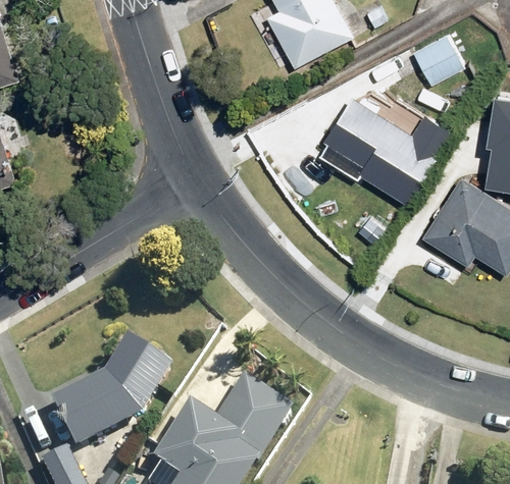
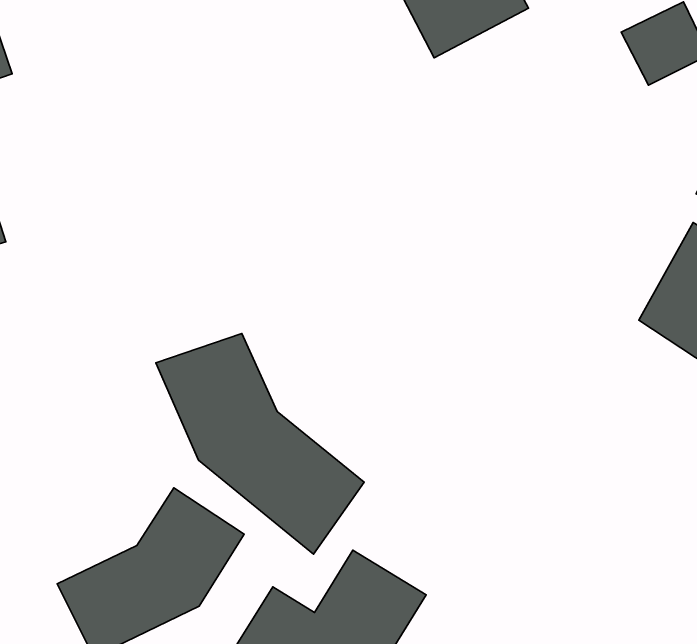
building: [317,95,447,203] -> none
building: none -> [156,333,364,554]

